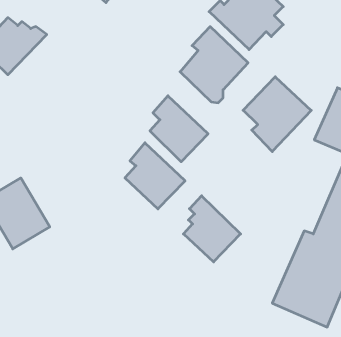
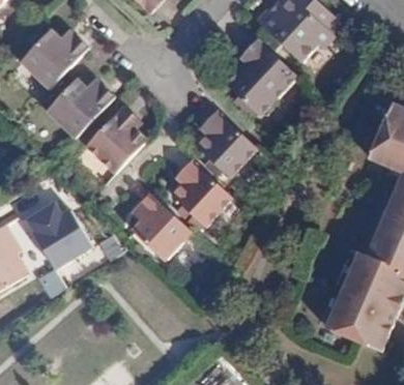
building: none -> [47,78,115,137]
building: [243,77,311,152] -> none
building: none -> [87,105,148,173]
building: [183,196,241,262] -> [132,194,191,262]

